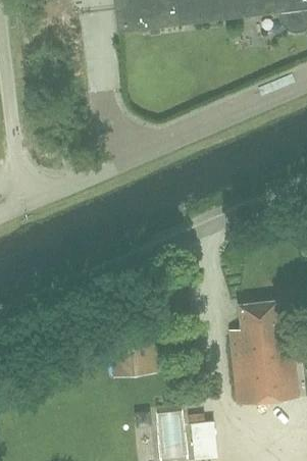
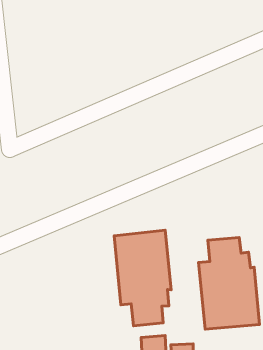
building: none -> [114,230,171,326]

